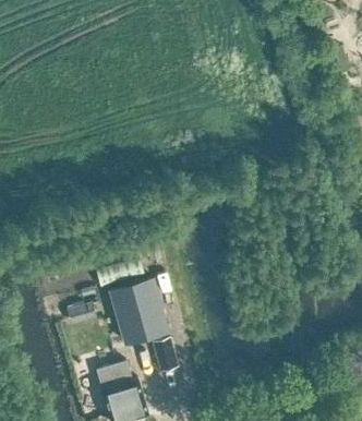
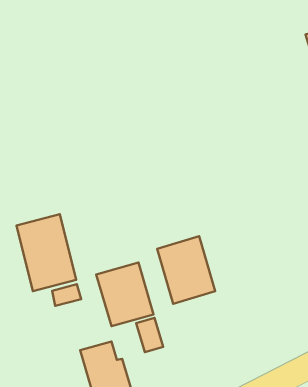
building: none -> [16,214,76,291]
building: none -> [157,236,215,304]

